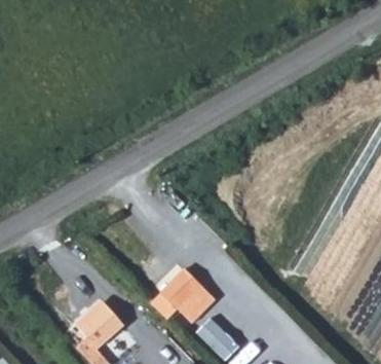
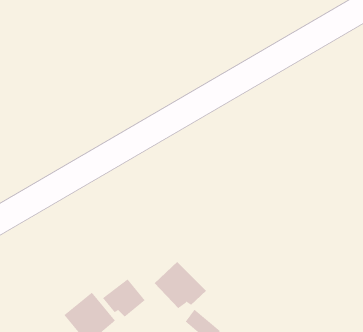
building: none -> [102,278,145,317]

